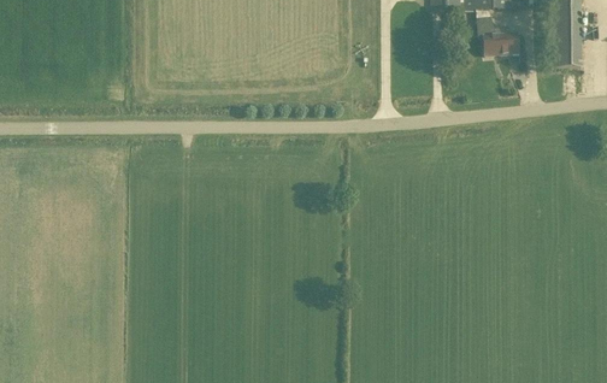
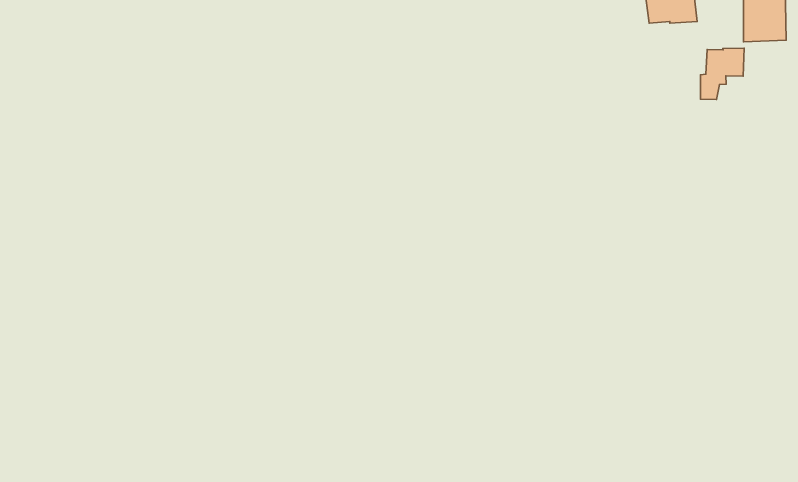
building: none -> [700,48,744,100]

